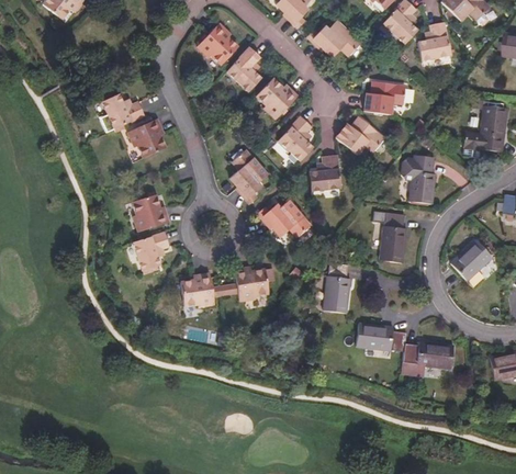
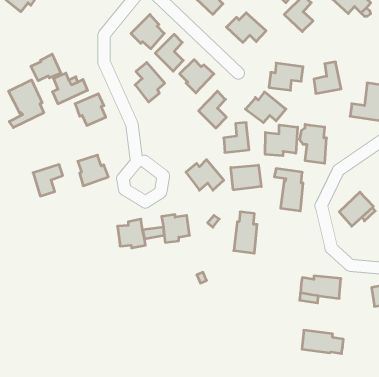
building: [418,23,451,61] -> [314,62,341,93]
building: none -> [31,54,61,81]
building: none -> [9,80,44,128]
building: [232,150,268,199] -> [135,62,165,102]
building: none -> [265,125,298,156]
building: none -> [231,165,261,190]
building: [133,232,169,270] -> [33,165,63,196]
building: [356,323,406,351] -> [302,330,343,354]

